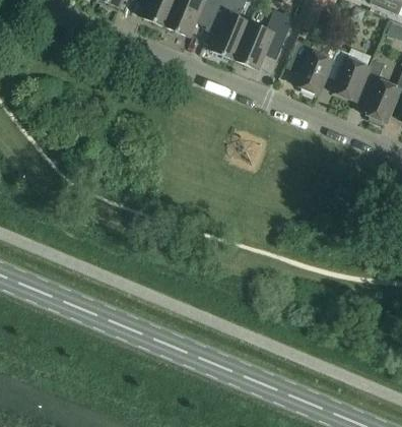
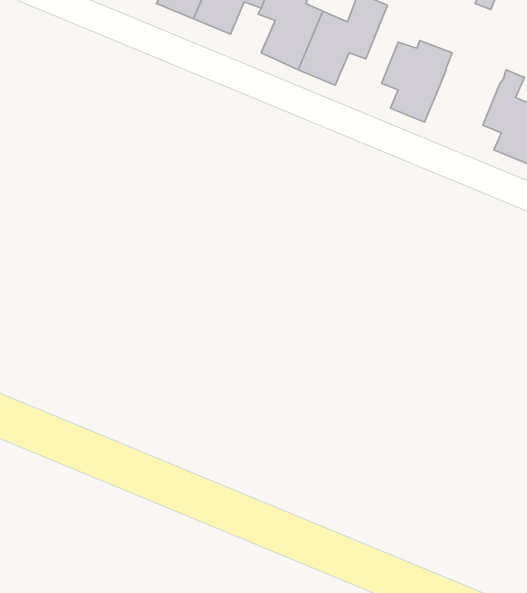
building: [327,47,371,101] -> none

